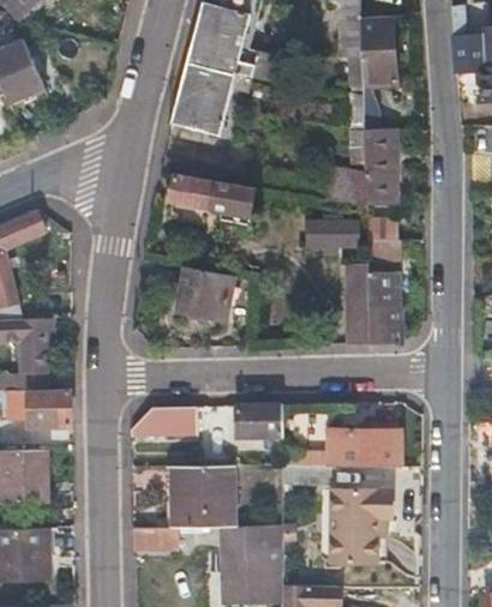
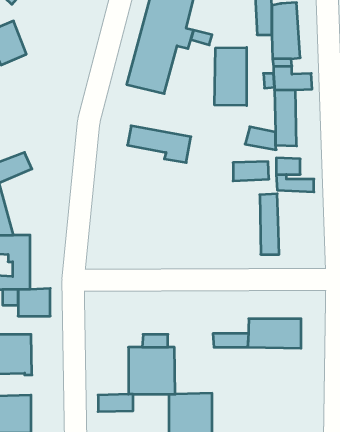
building: none -> [215,47,247,106]
building: [164,265,233,321] -> none
building: [370,300,403,344] -> none
building: [236,404,282,435] -> none
building: [132,405,228,437] -> none
building: [330,491,385,563] -> none

